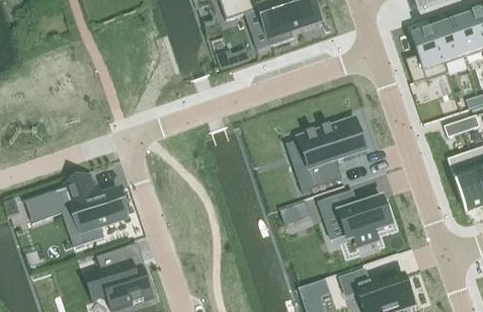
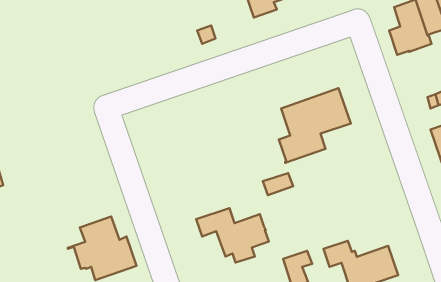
building: [23,174,128,243] -> none
building: [319,190,392,245] -> [196,208,269,263]

